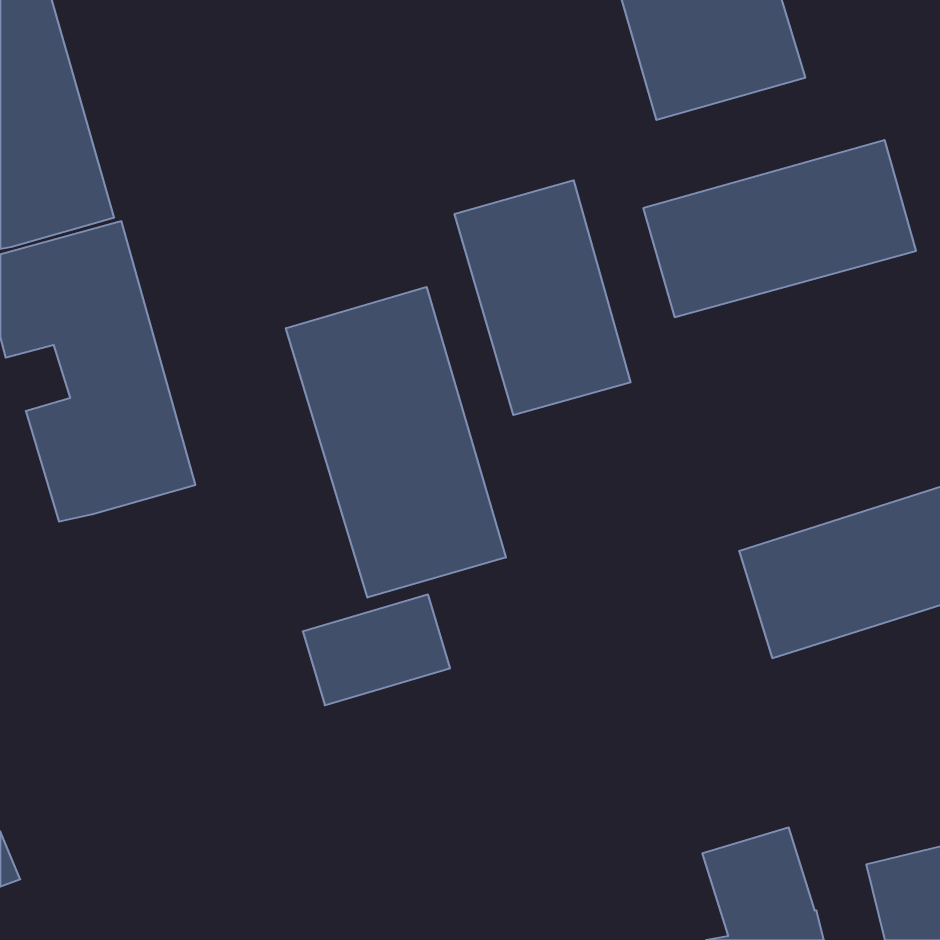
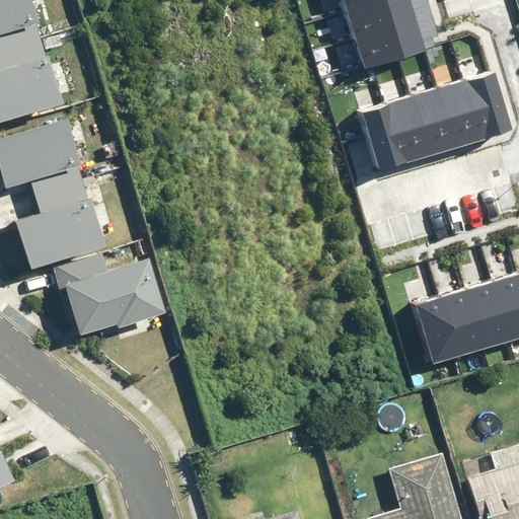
building: [455,180,631,415] -> none
building: [286,287,506,598] -> none
building: [303,595,450,705] -> [68,271,149,331]

